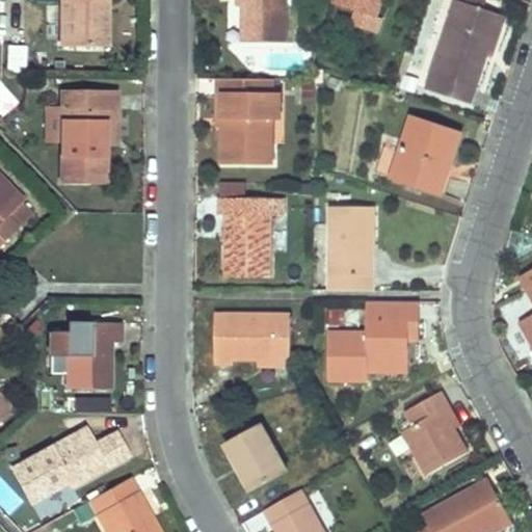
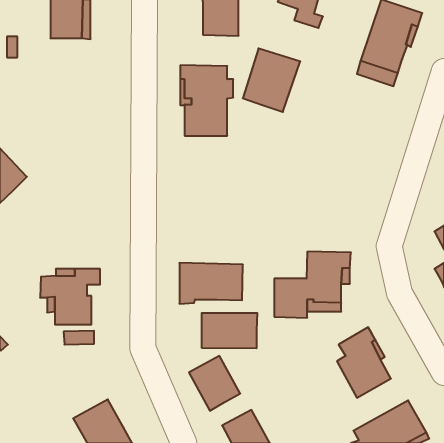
building: [59,92,114,180] -> none
building: [392,117,460,193] -> [243,48,300,112]
building: [220,197,285,276] -> none
building: [328,206,373,290] -> none
building: none -> [202,313,257,348]
building: [11,428,127,502] -> none

